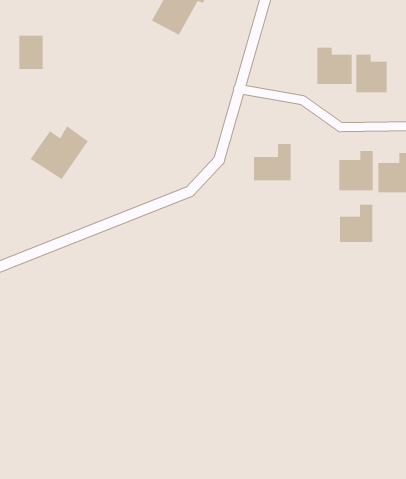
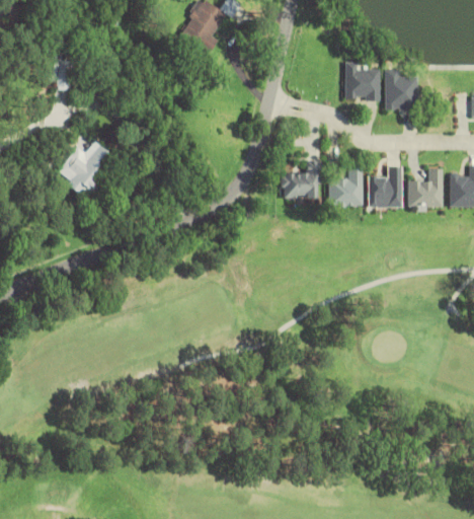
building: [339,204,373,243] -> [328,166,363,206]

